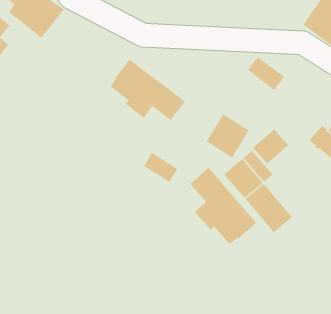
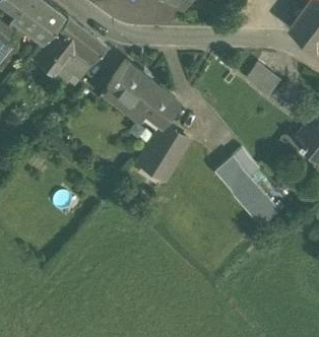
building: none -> [34,17,106,83]
building: [206,113,250,158] -> [146,124,188,166]
building: [252,128,289,164] -> none
building: [190,167,257,245] -> none

